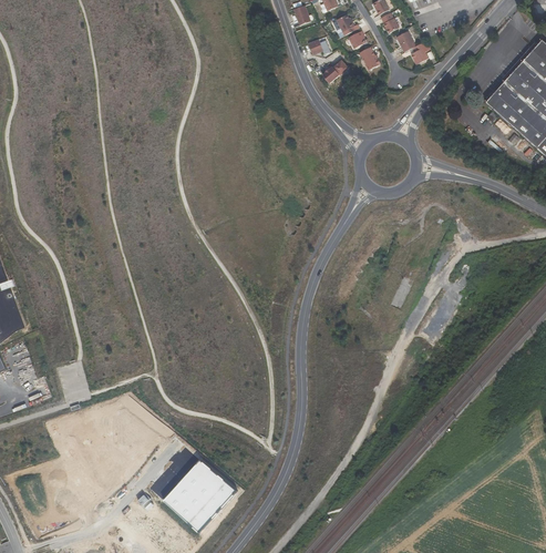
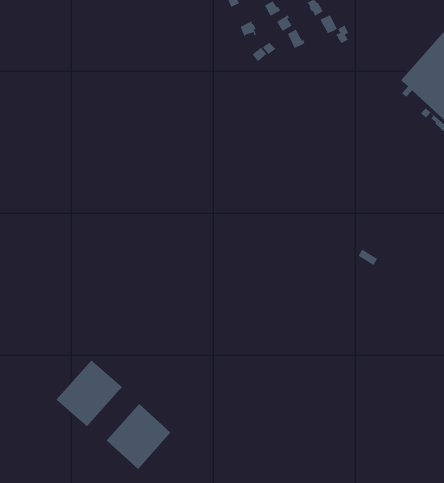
building: none -> [56,360,123,427]

